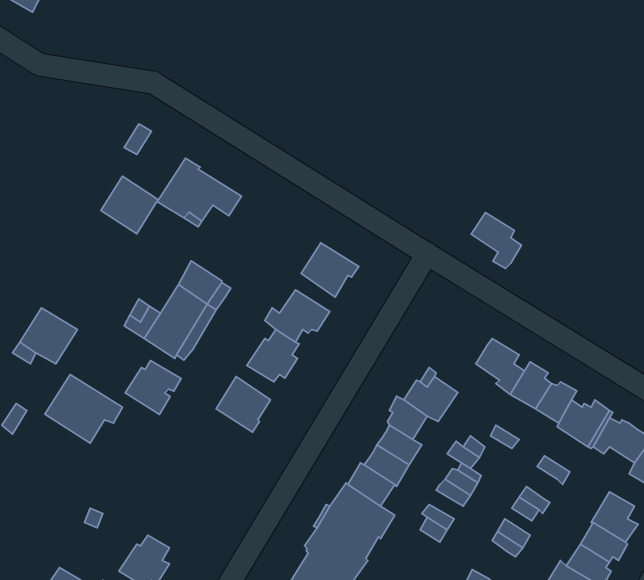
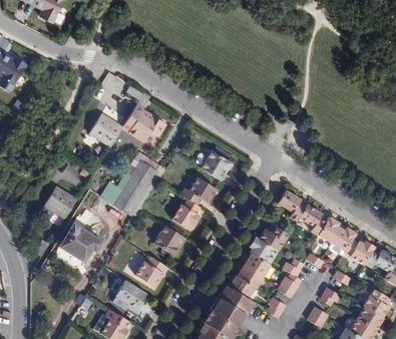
building: [471,213,522,268] -> [277,190,305,221]
building: [125,360,181,415] -> [136,256,167,286]
building: none -> [115,280,146,313]

